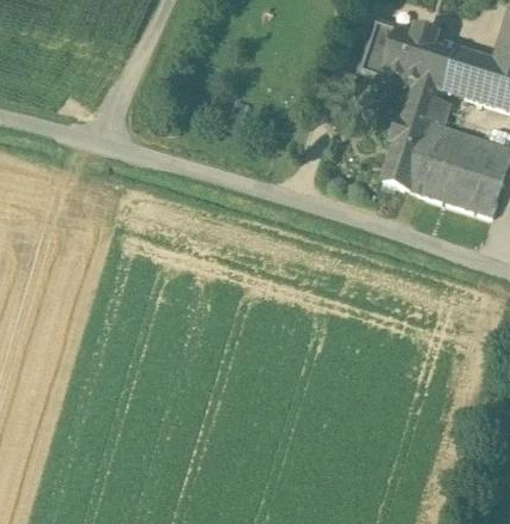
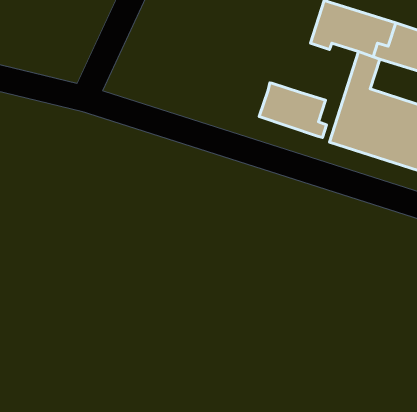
building: none -> [259,83,327,138]

